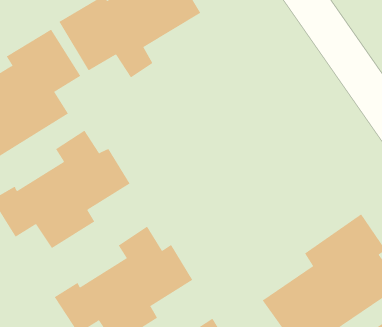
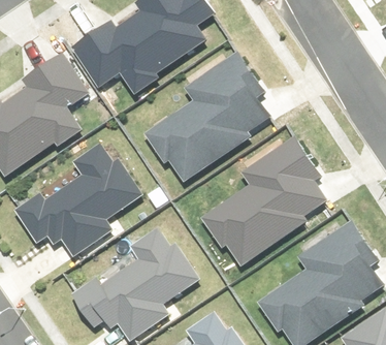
building: none -> [151,57,263,183]
building: none -> [204,138,326,266]

